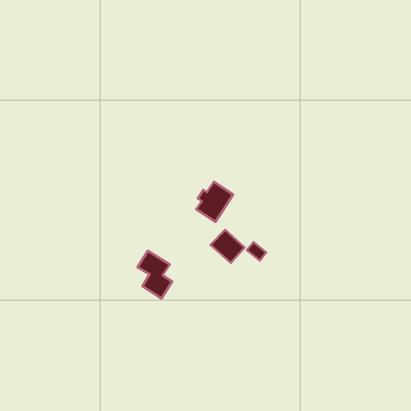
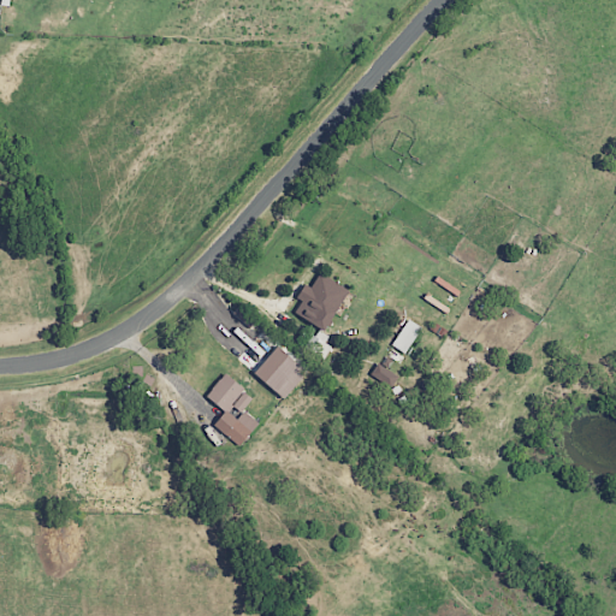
building: none -> [391,319,422,354]
building: [211,230,244,263] -> [254,348,304,397]

